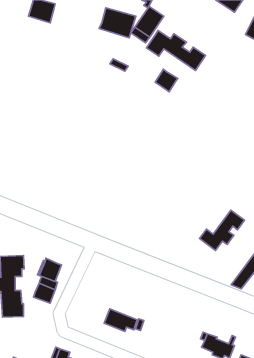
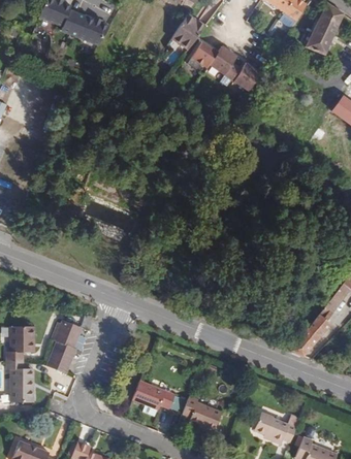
building: [99,8,136,38] -> [63,10,108,47]
building: [155,69,178,92] -> none
building: [199,210,244,251] -> none
building: none -> [184,398,223,434]

